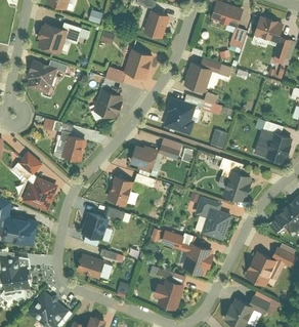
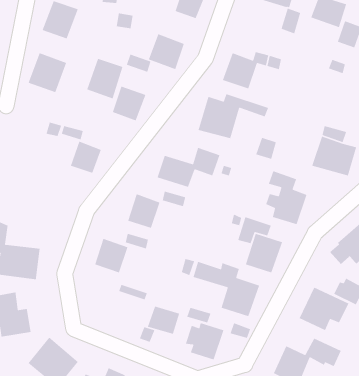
building: none -> [86,58,124,100]
building: [14,152,57,210] -> none
building: [77,254,103,278] -> [147,305,180,335]

